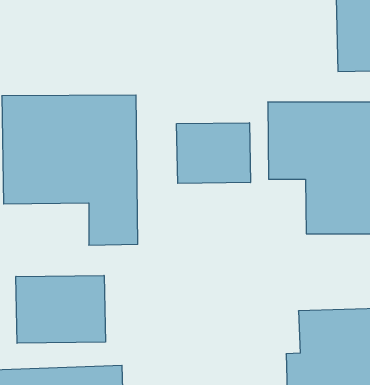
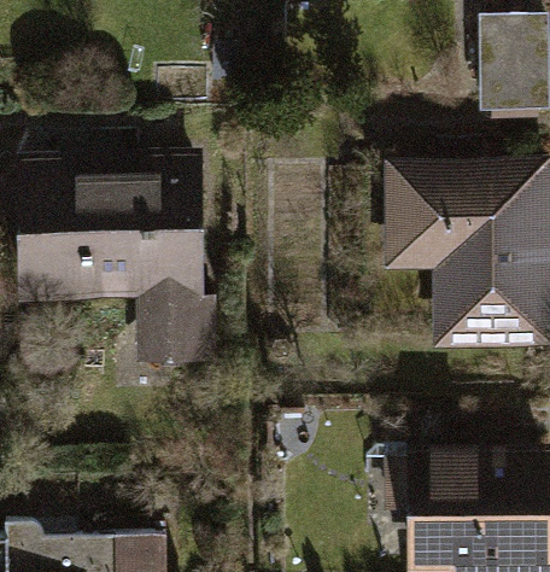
building: [177,123,250,183] -> none
building: [16,275,105,343] -> none

